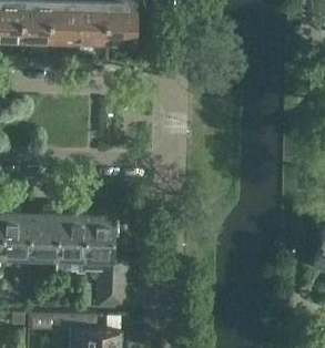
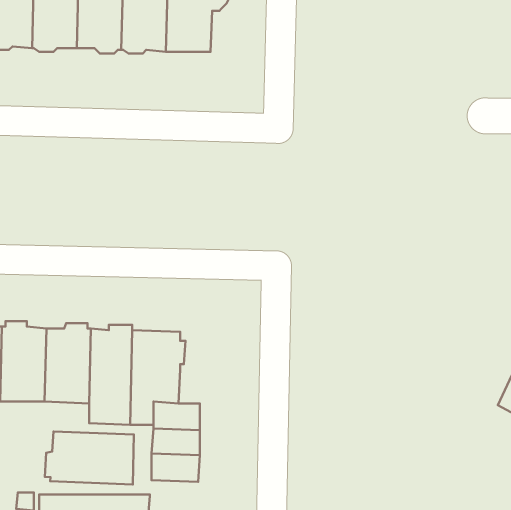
building: none -> [45,431,134,484]

